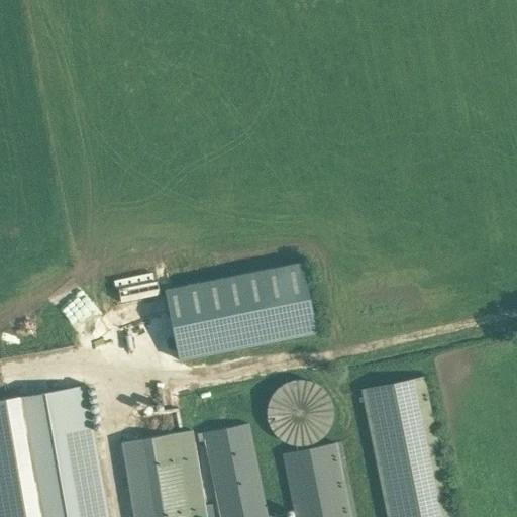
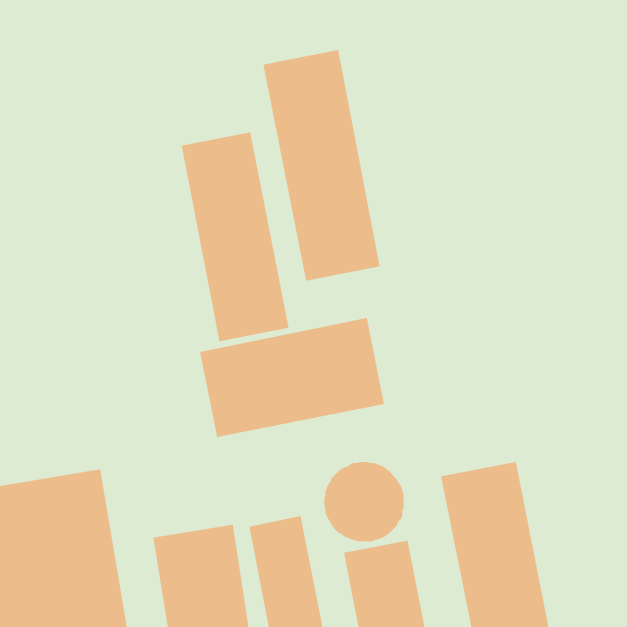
building: none -> [263,49,381,281]
building: none -> [181,131,290,342]

